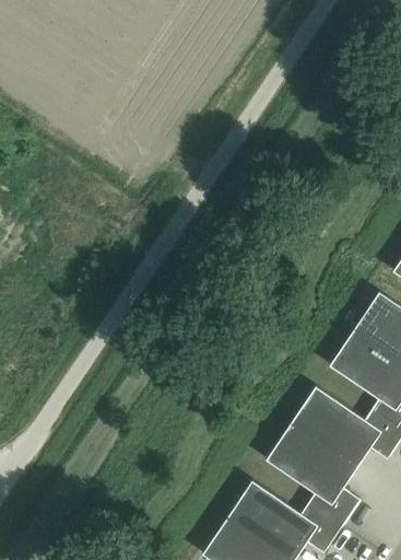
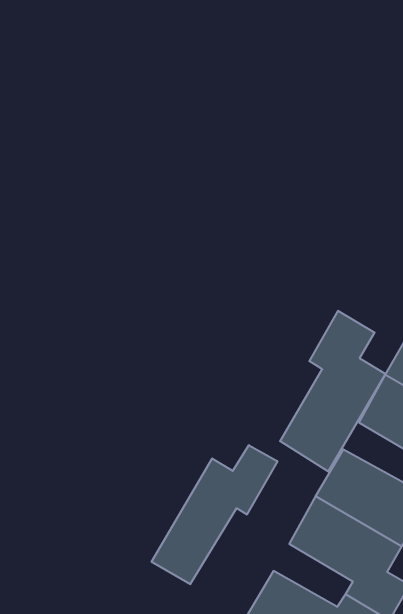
building: none -> [280,311,385,472]
building: none -> [152,445,277,584]

